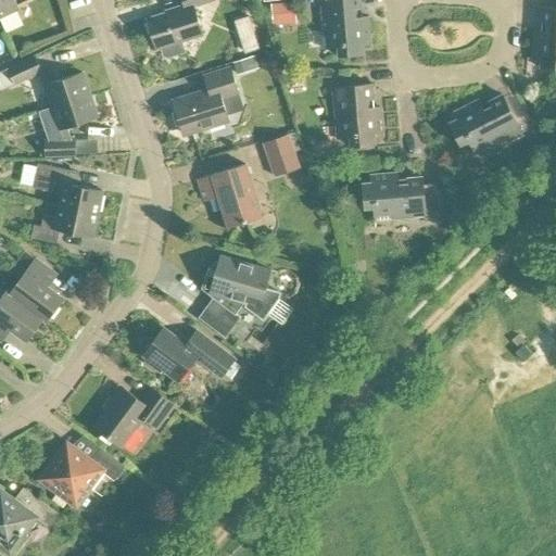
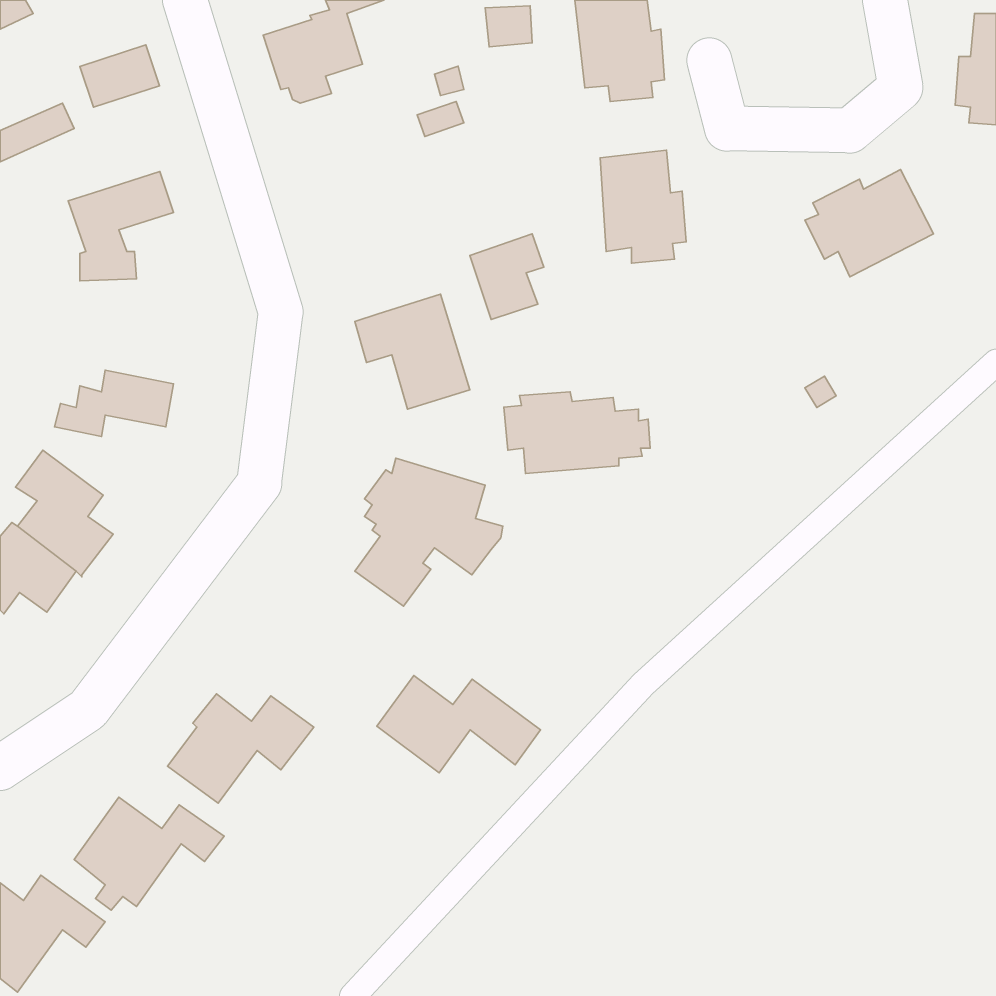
building: [173,68,238,134] -> none
building: [45,73,89,108] -> [80,45,160,107]
building: [33,163,102,214] -> none
building: [362,175,443,220] -> [504,392,650,474]
building: [143,328,235,382] -> [377,675,540,773]

